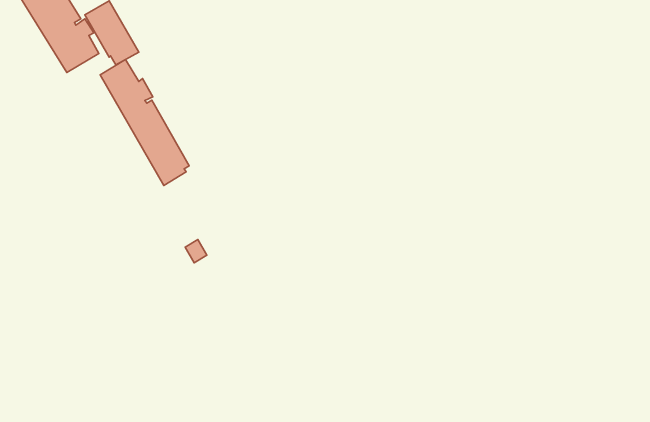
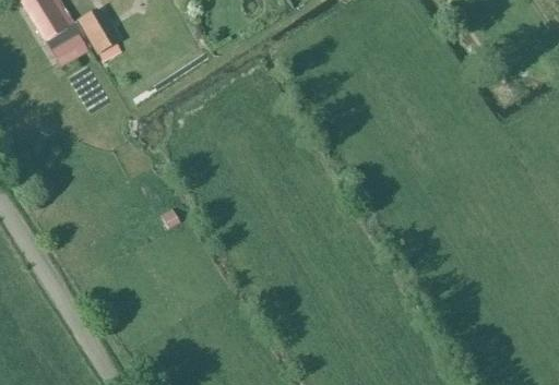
building: [100,59,189,185] -> none

